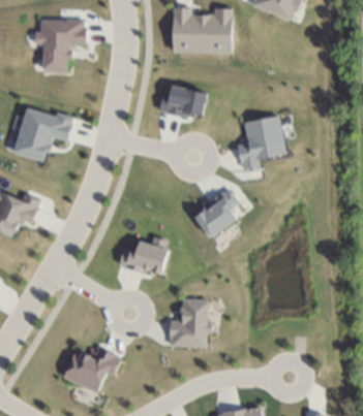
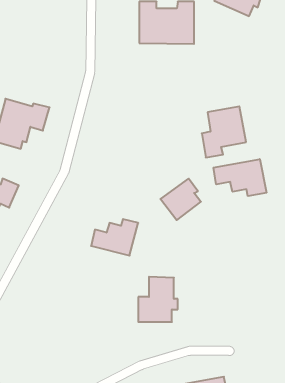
building: [36,20,86,70] -> none
building: [159,86,207,119] -> none
building: none -> [214,159,266,196]
building: [61,346,119,391] -> none

